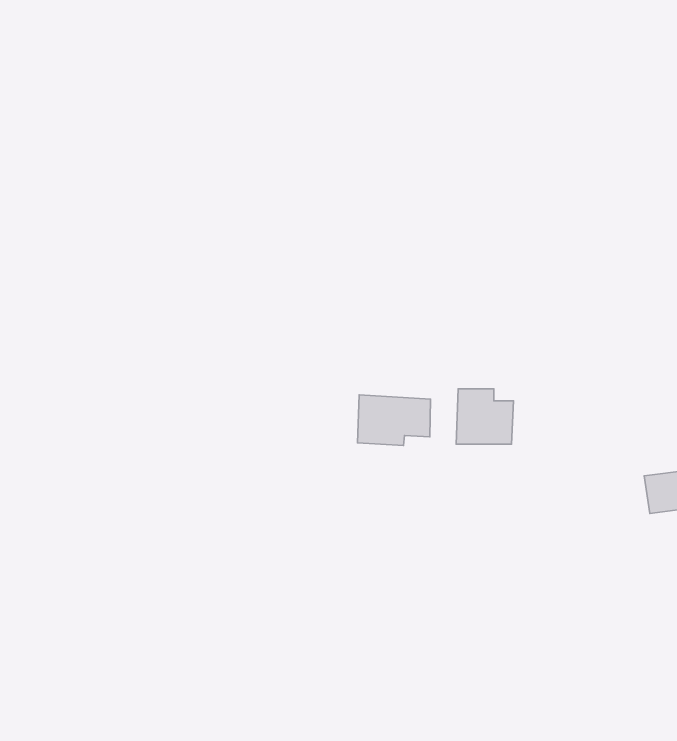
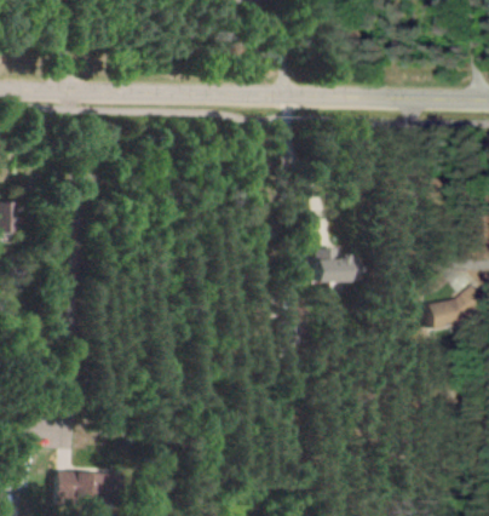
building: [358,395,431,446] -> none

